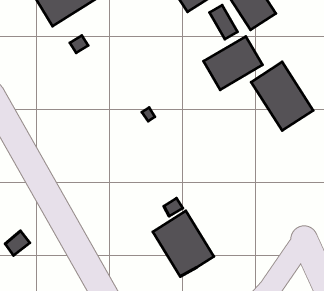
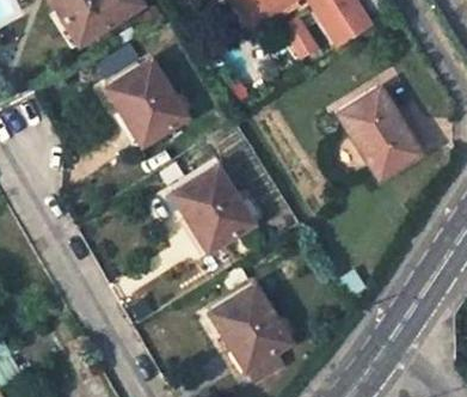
building: [204,36,262,90] -> none
building: none -> [107,60,185,143]
building: none -> [173,165,252,250]

